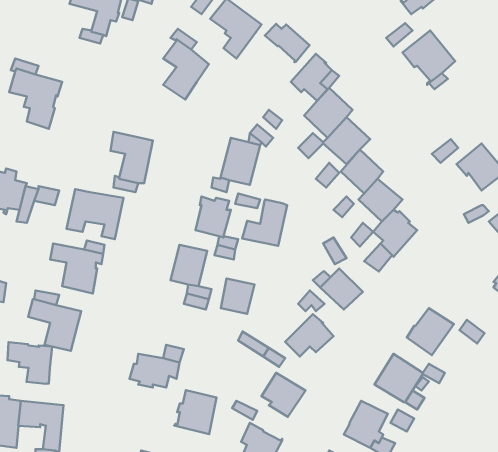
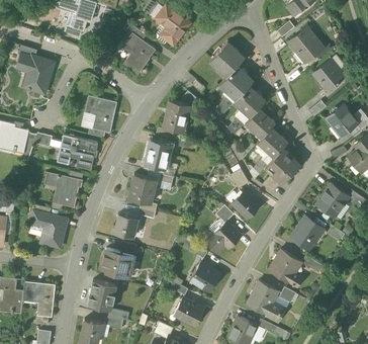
building: [265,24,310,62] -> none
building: none -> [312,60,344,89]
building: [242,200,287,246] -> none
building: none -> [315,184,348,218]
building: [221,279,254,314] -> [113,213,136,238]
building: [8,342,52,384] -> none
building: [174,390,217,434] -> [86,280,115,311]

